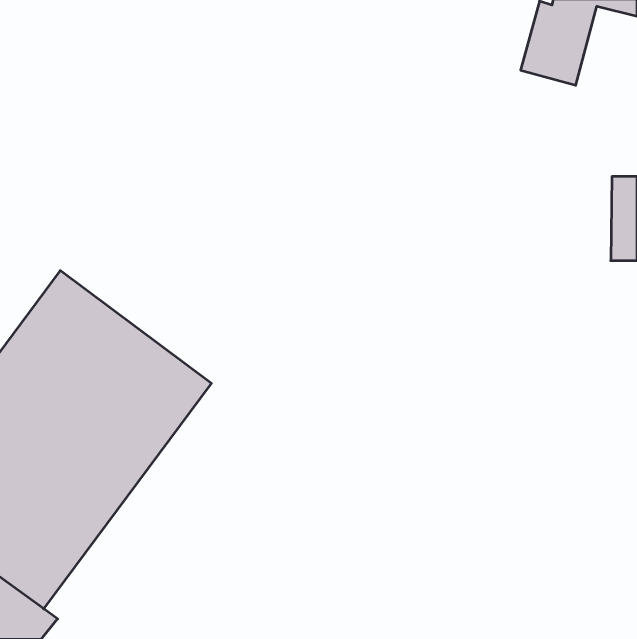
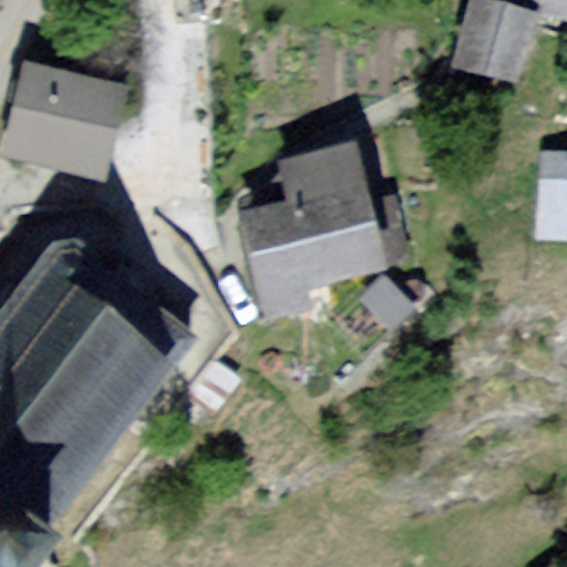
building: none -> [6,69,118,174]
building: none -> [244,146,374,313]

